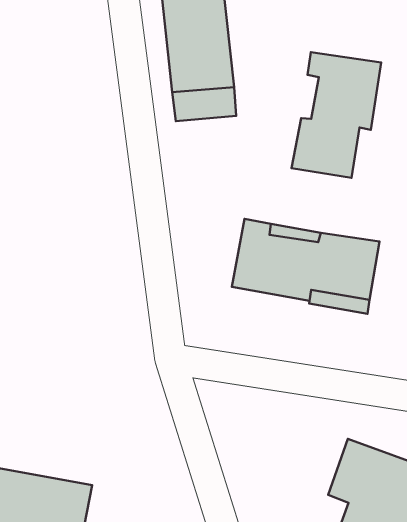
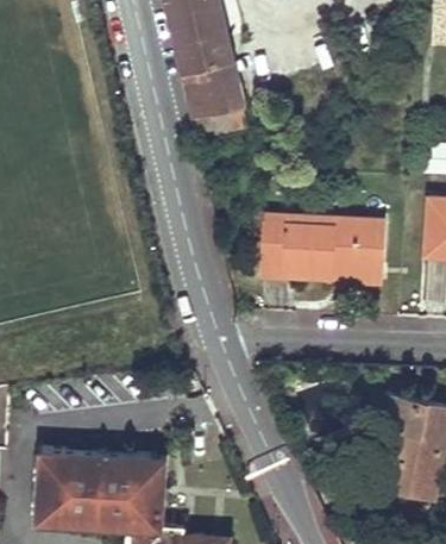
building: [292,52,381,178] -> none

